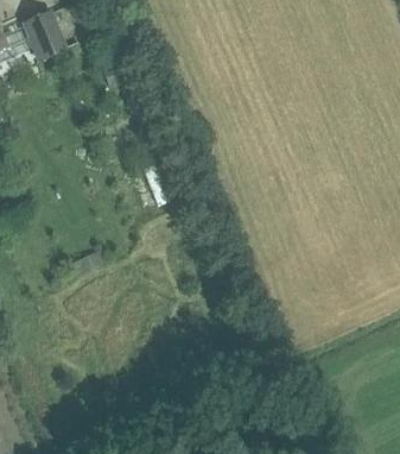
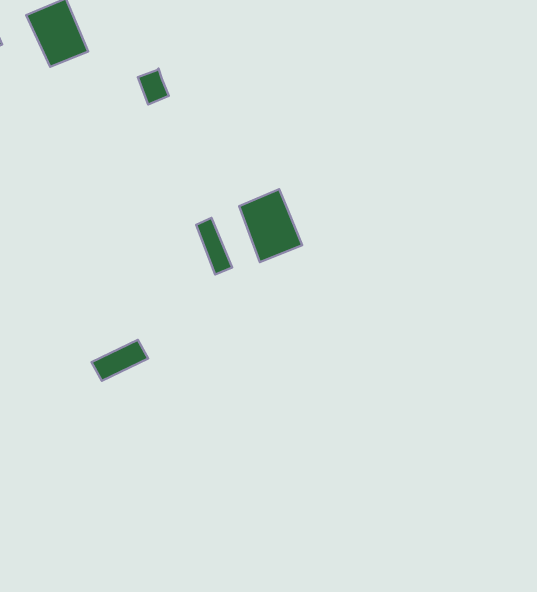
building: none -> [239,189,302,262]

